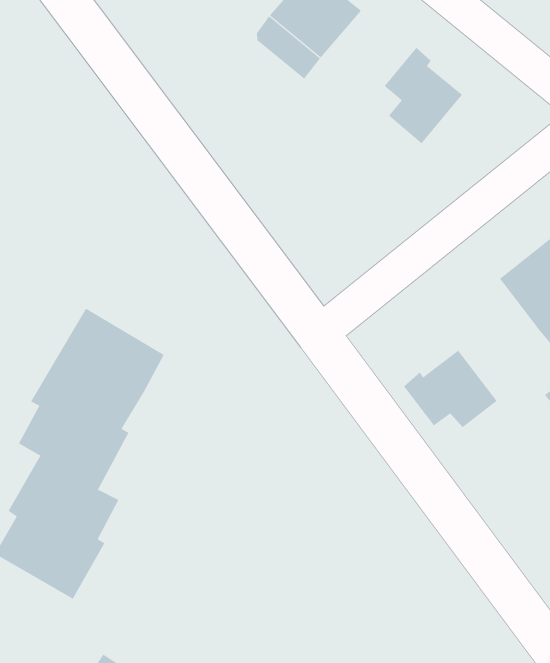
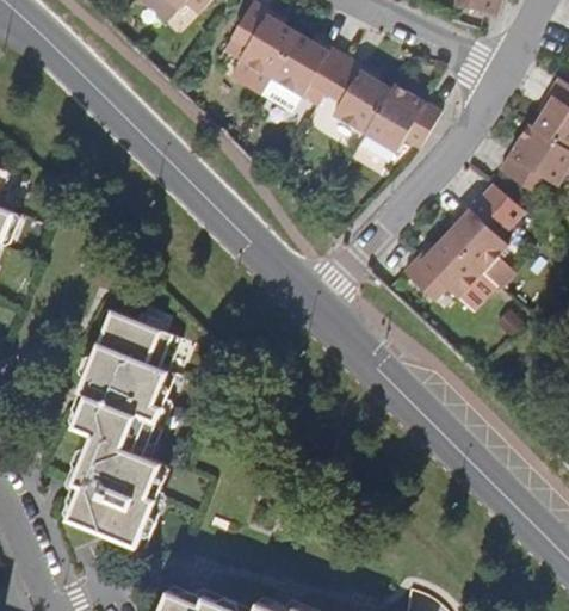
building: none -> [271,32,347,105]
building: none -> [364,84,441,153]
building: [403,350,497,428] -> [403,234,482,300]

